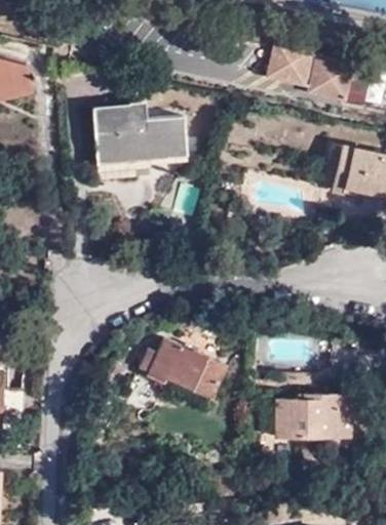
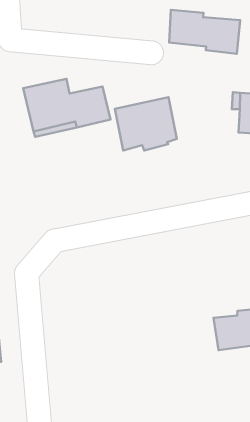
building: none -> [115,97,177,151]
building: [140,338,227,399] -> none

